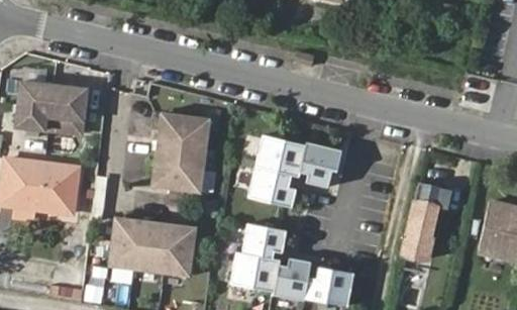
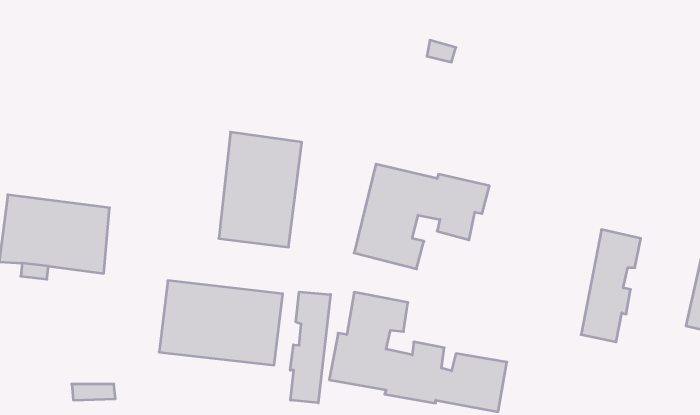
building: [15,83,87,135] -> none
building: none -> [290,292,331,403]

